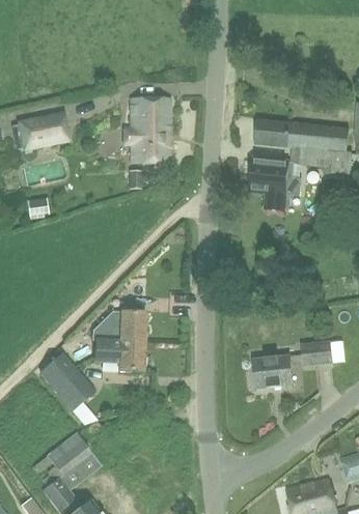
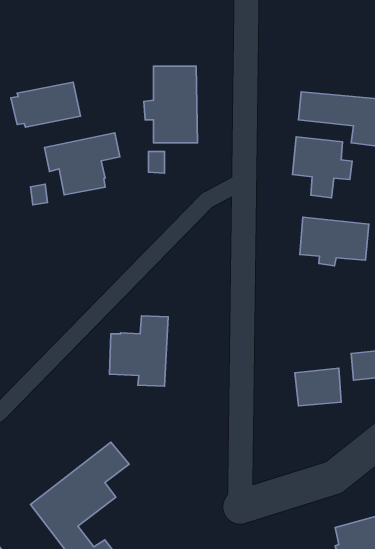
building: none -> [45,133,120,195]
building: none -> [300,217,369,266]
building: [39,352,94,424] -> none

